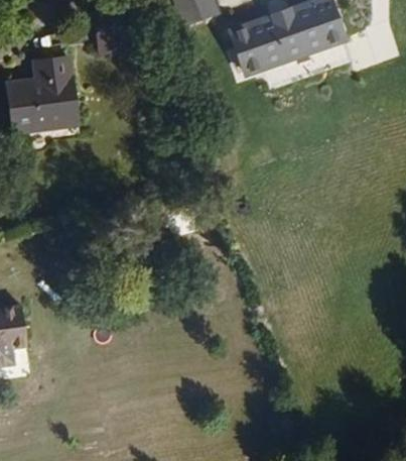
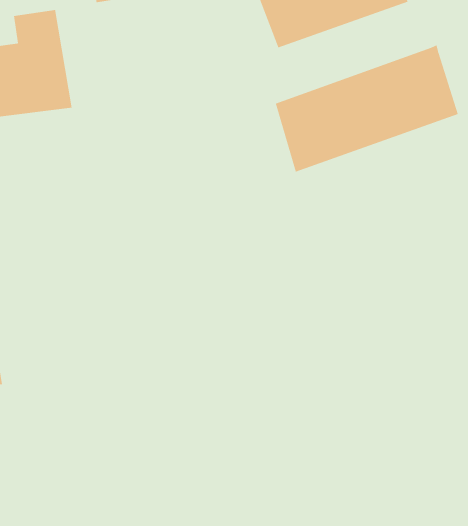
building: none -> [275,44,458,172]

